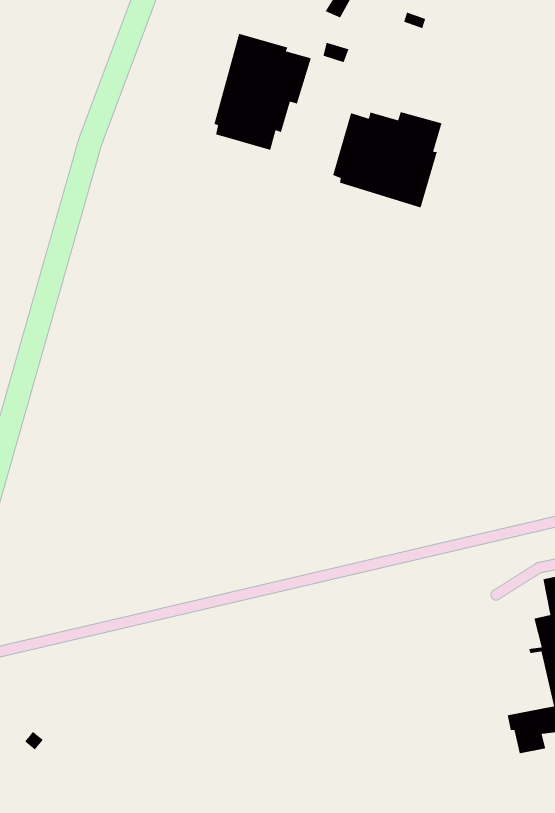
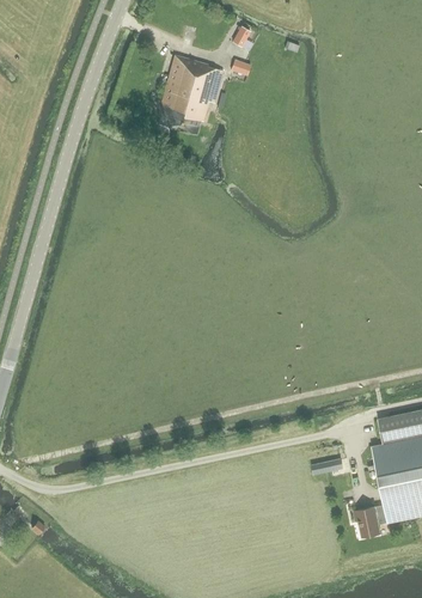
building: [332,111,443,209] -> none

